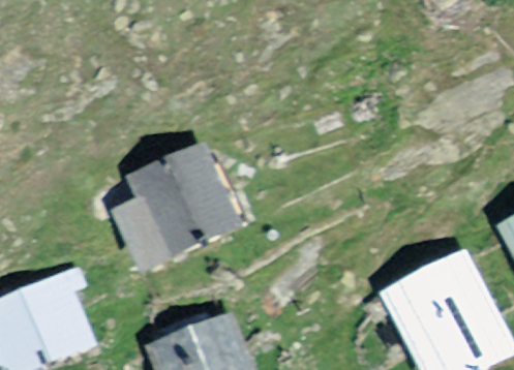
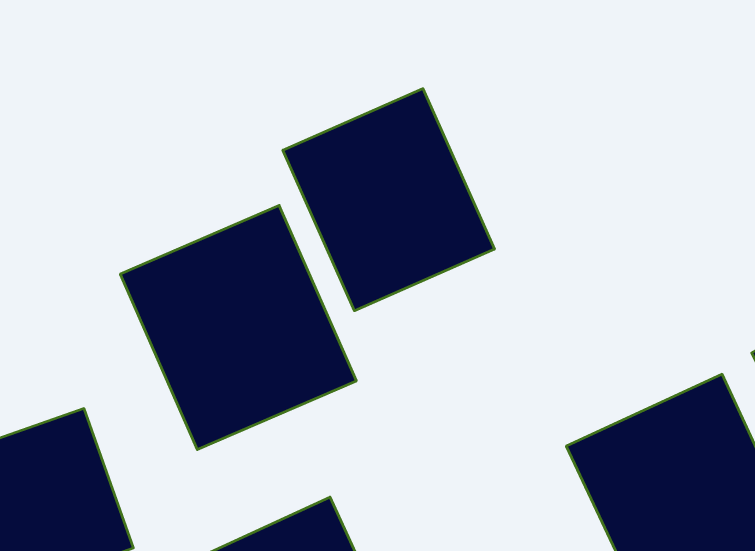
building: none -> [283,89,494,311]

